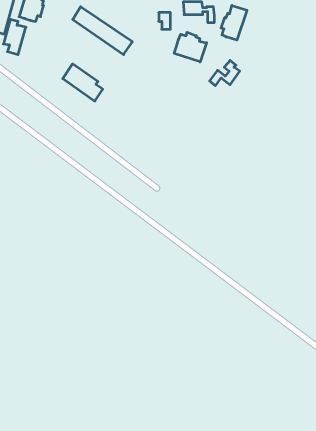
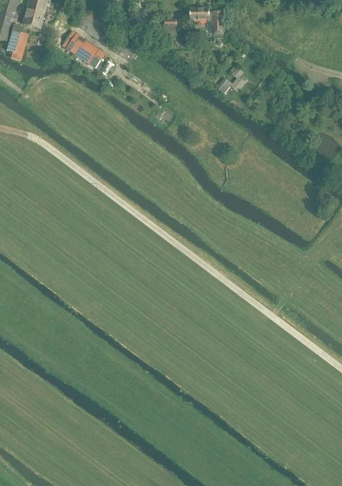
building: [221,5,247,40] -> none
building: [174,32,207,62] -> none
building: [63,64,103,101] -> [63,30,104,68]

